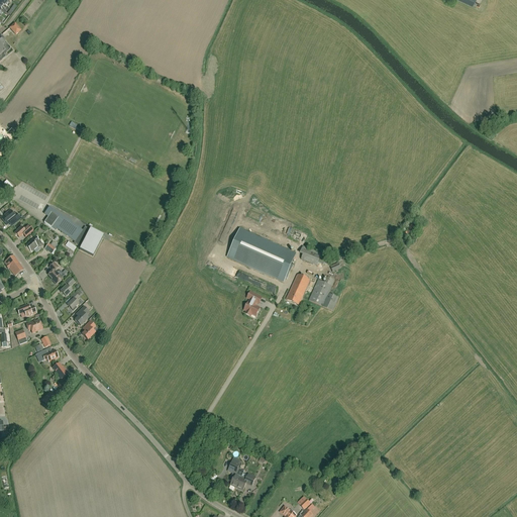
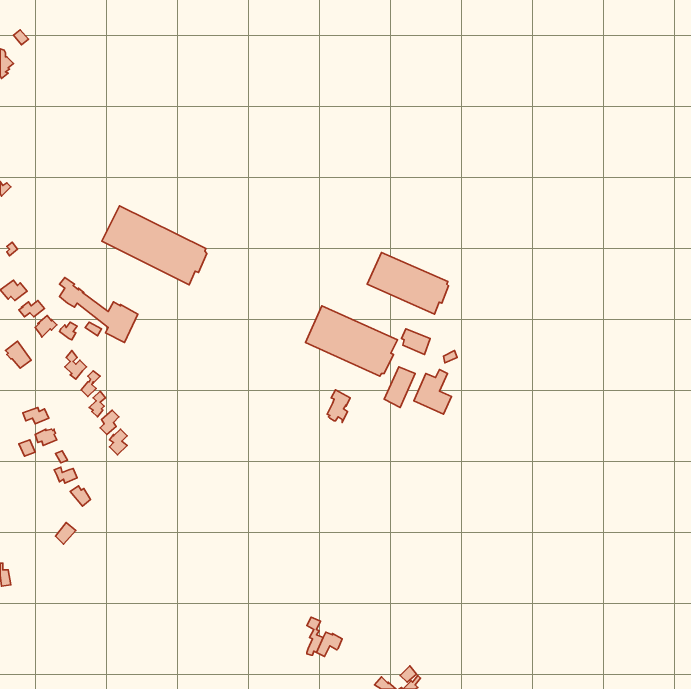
building: none -> [102,206,207,285]
building: none -> [367,253,448,314]

